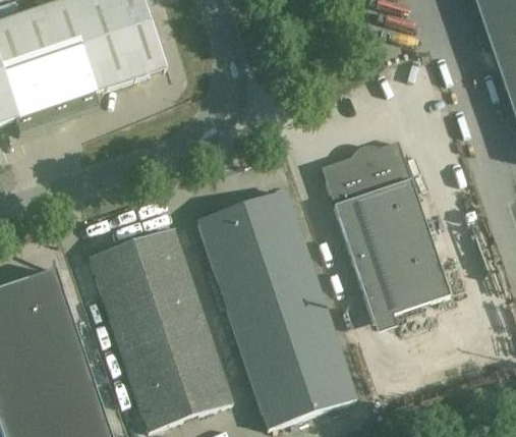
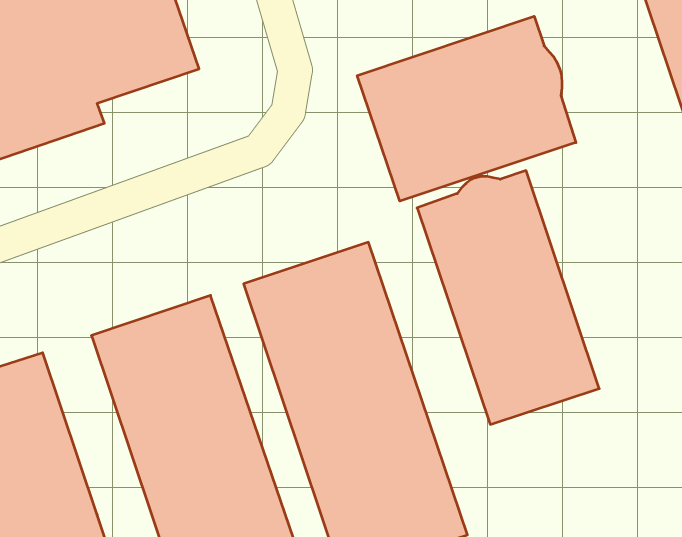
building: none -> [357,16,576,201]

